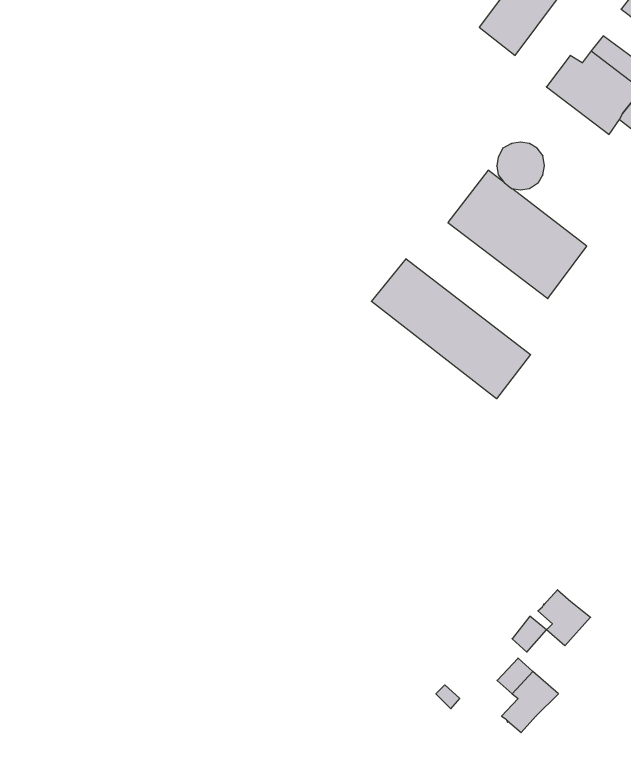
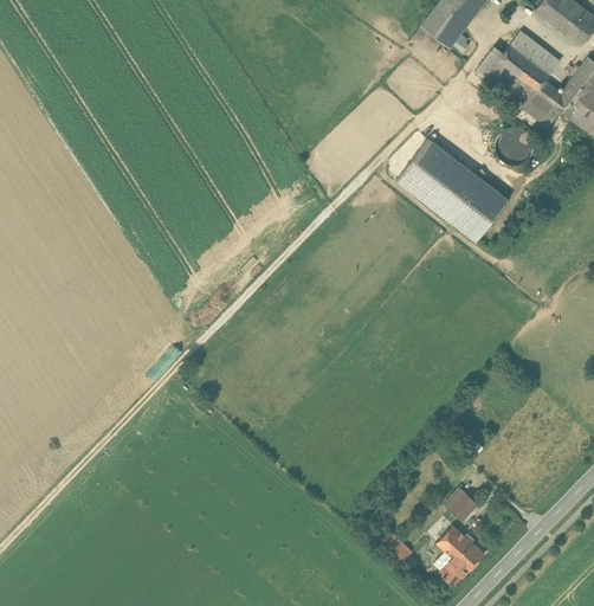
building: [497,142,544,190] -> [496,127,534,165]
building: [371,259,531,399] -> none
building: [538,590,591,646] -> none

